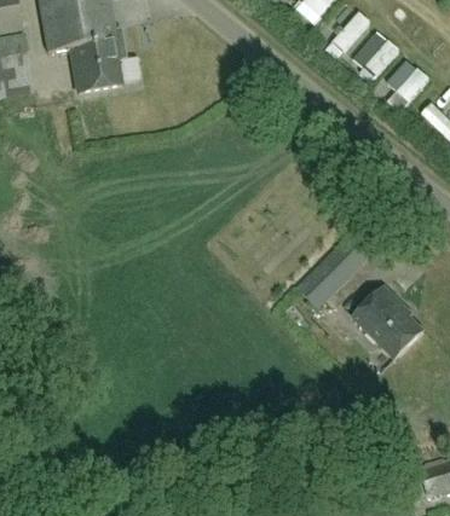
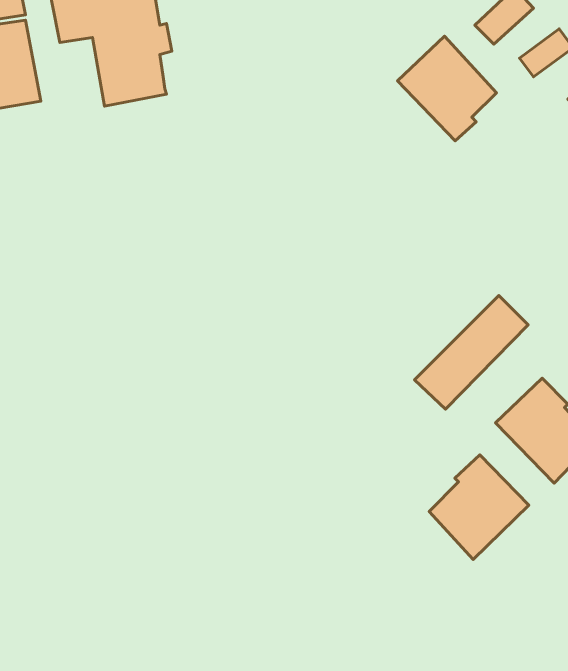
building: none -> [397,36,496,141]
building: none -> [429,455,529,560]

